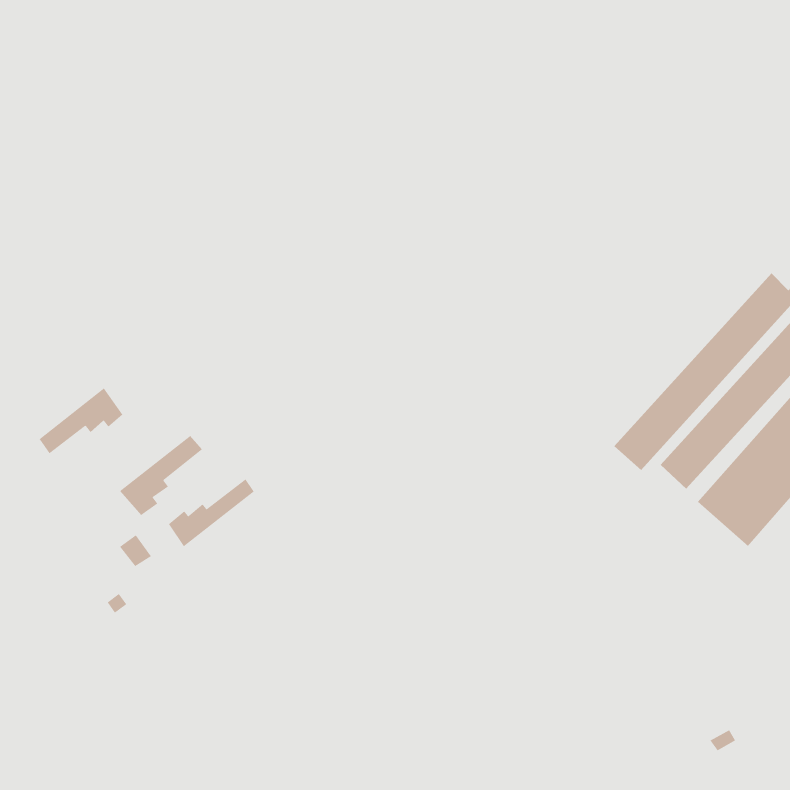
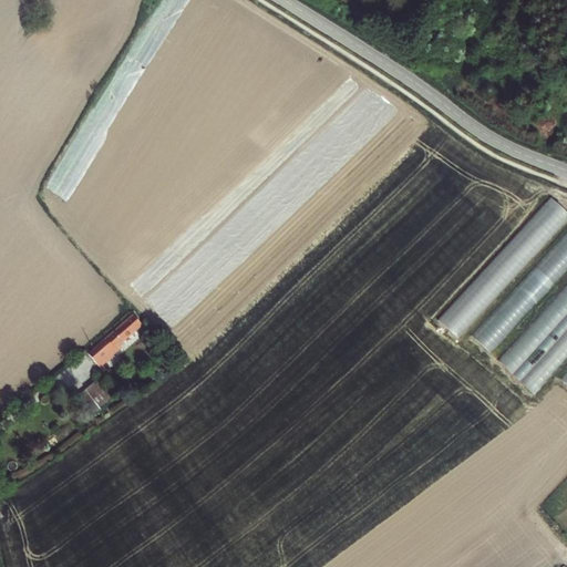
building: [39,388,123,454] -> none
building: [168,479,254,547] -> none

